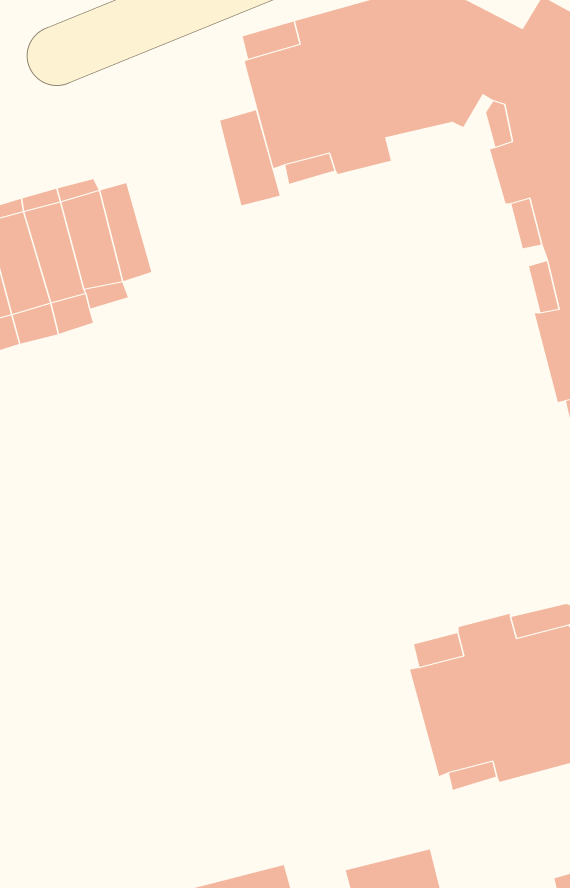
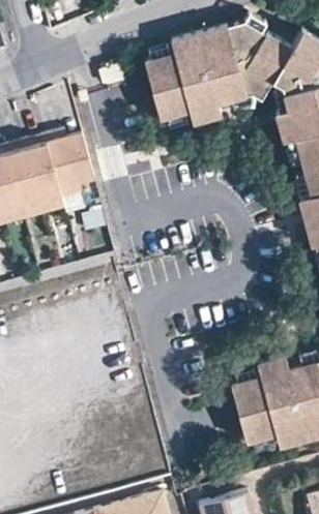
building: [219,110,281,206] -> none

